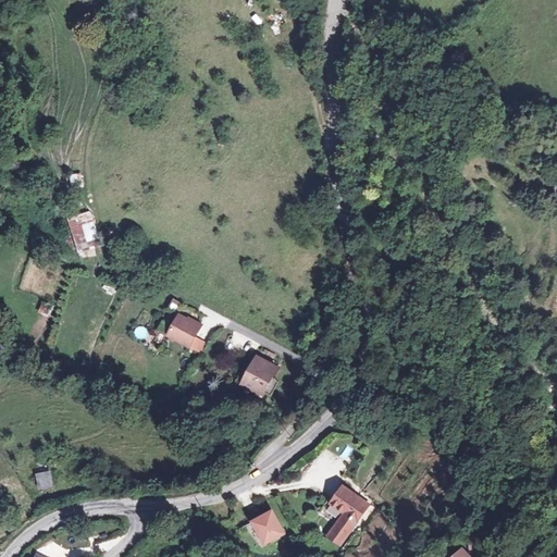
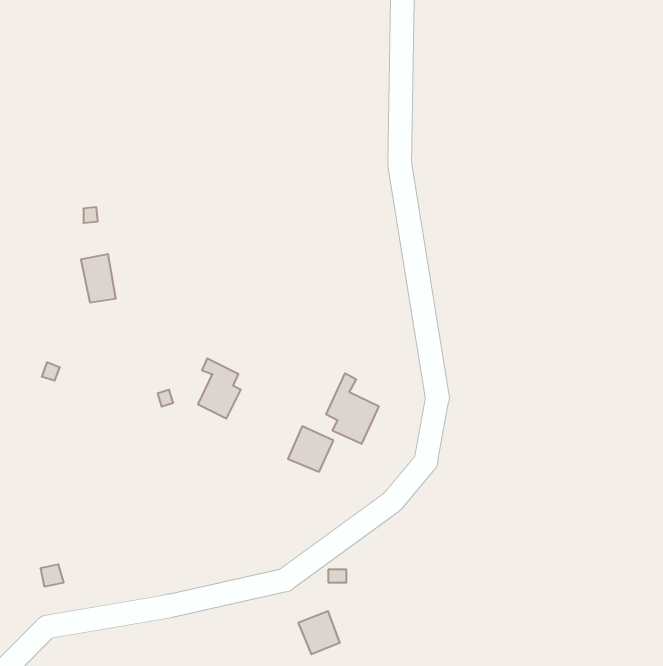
building: none -> [326,373,379,444]
building: [321,484,369,546] -> none

